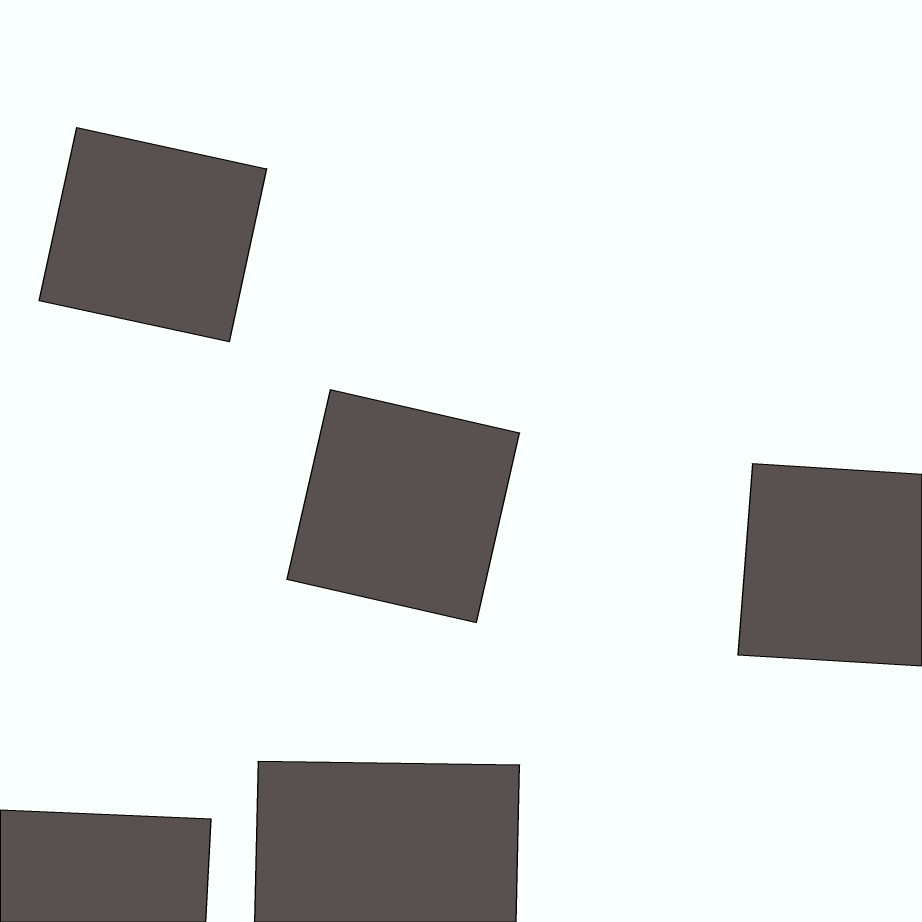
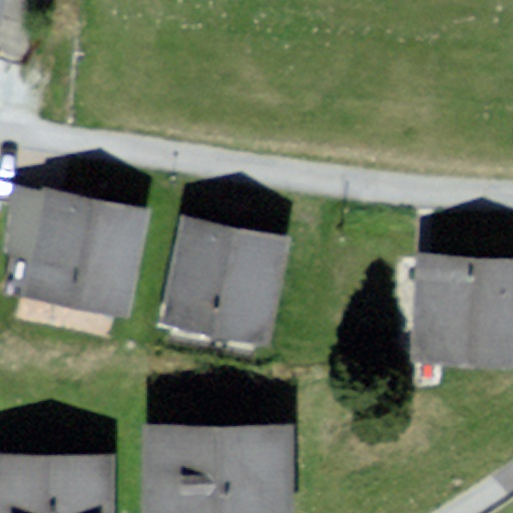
building: [39,128,267,342] -> none
building: none -> [5,190,145,315]

